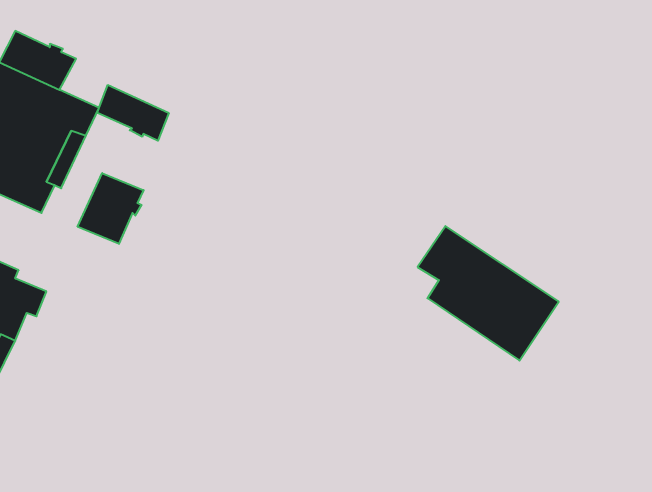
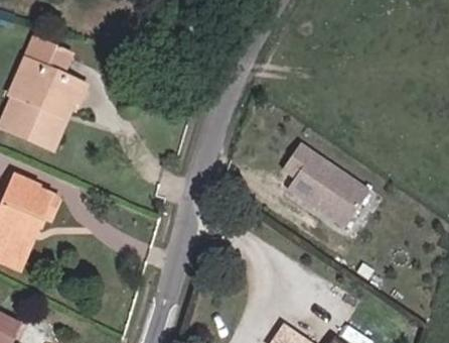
building: [97,85,169,141] -> none
building: [78,173,144,244] -> none

